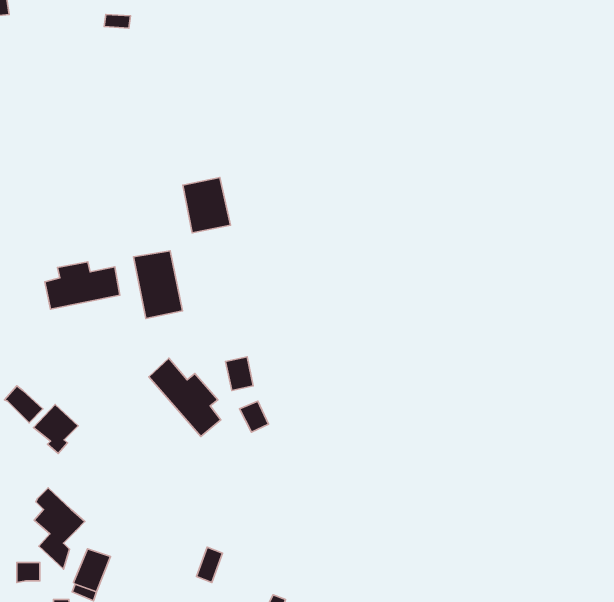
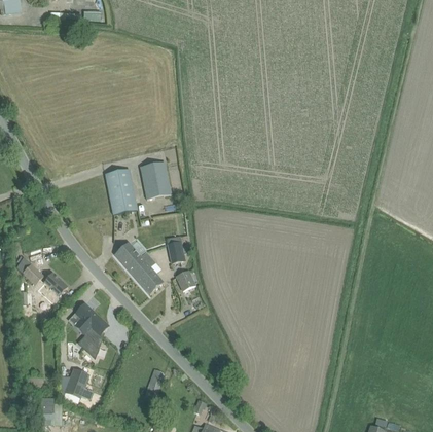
building: [183,178,231,233] -> [139,161,171,199]
building: [45,262,120,309] -> none
building: [34,488,85,569] -> [74,303,108,358]

